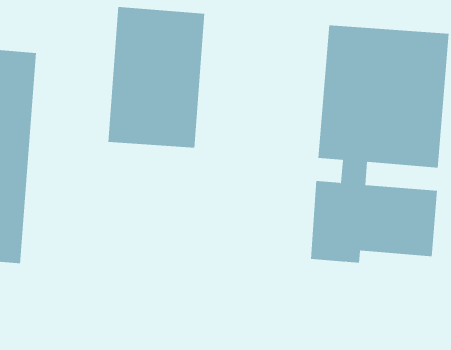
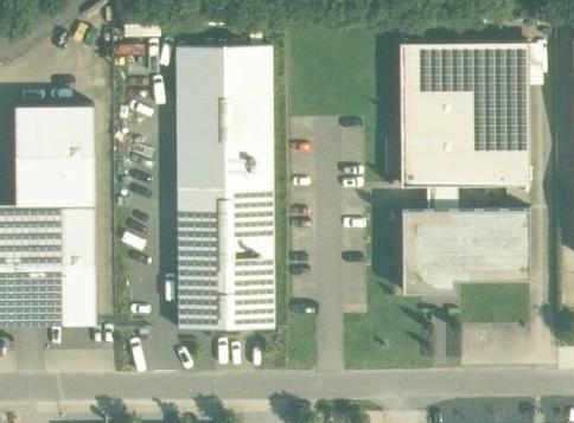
building: none -> [178,188,272,332]

